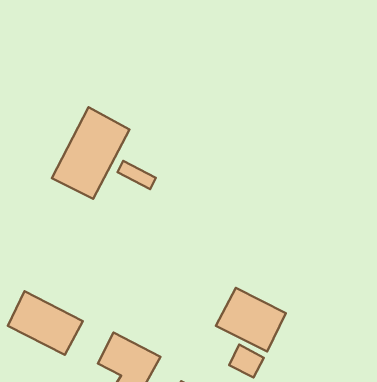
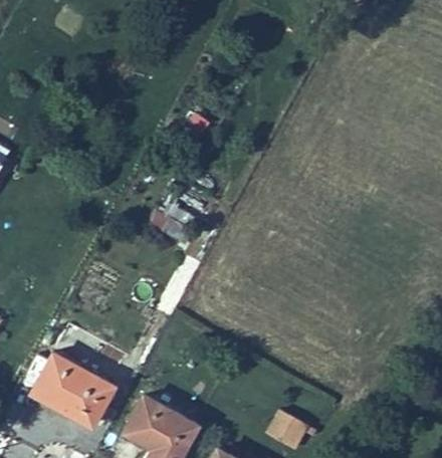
building: [52,107,130,199] -> none
building: [216,288,286,351] -> none

